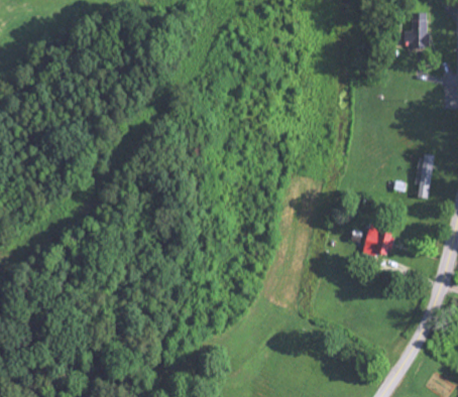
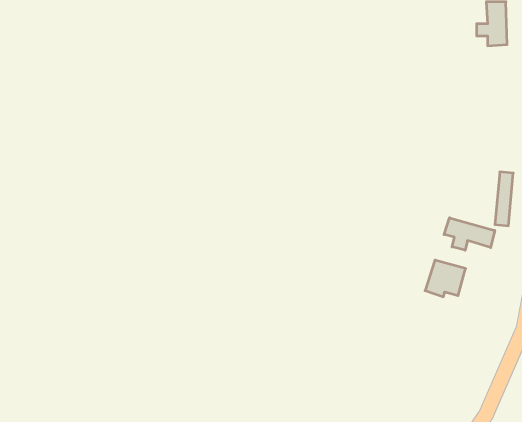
building: none -> [444,218,495,250]

